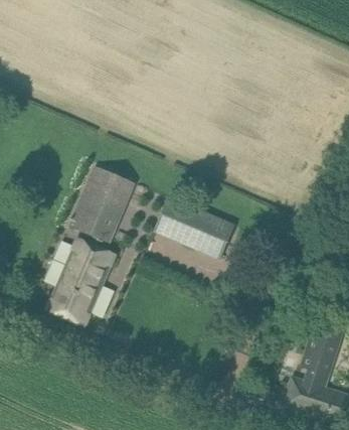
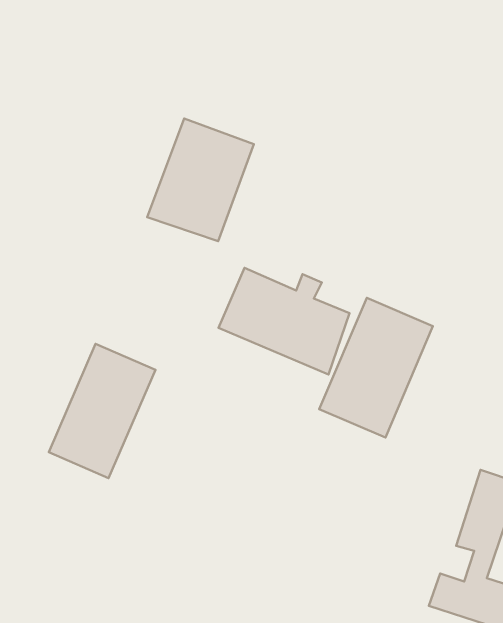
building: [67,165,134,242] -> [147,118,254,241]
building: none -> [319,298,433,437]

